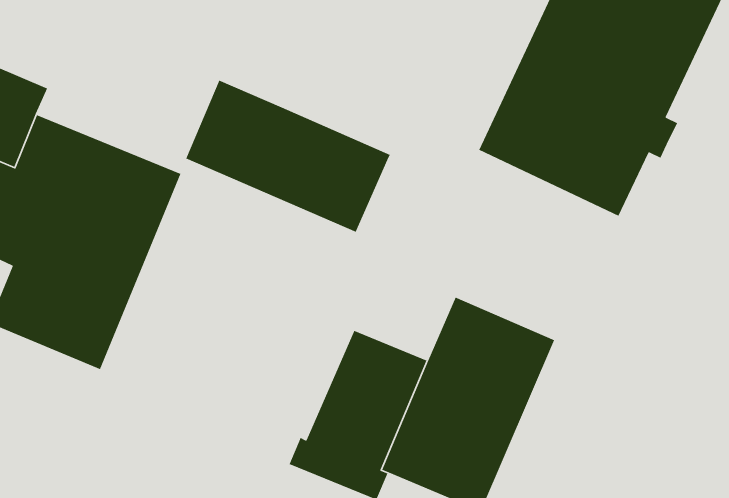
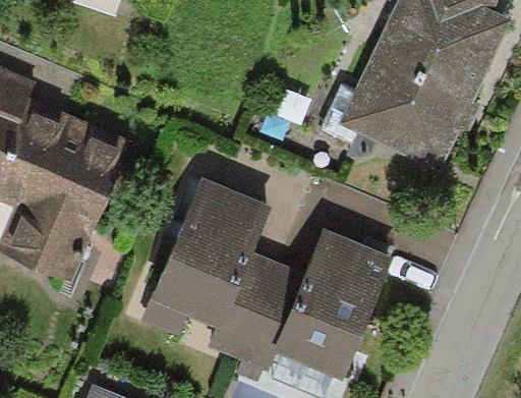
building: [185,79,391,233] -> none
building: none -> [137,176,271,338]

